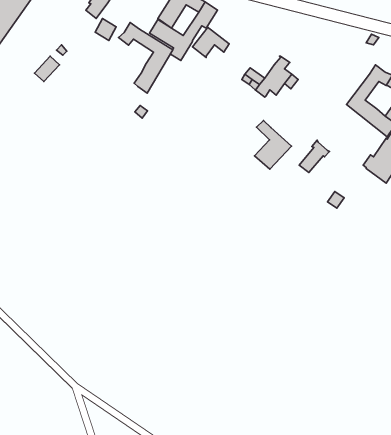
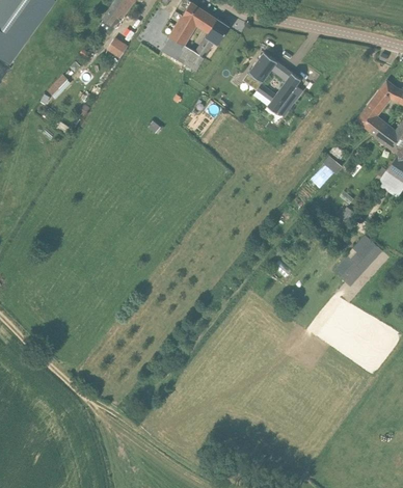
building: [119,22,173,93] -> none
building: [192,27,229,57] -> [249,52,286,82]
building: [254,120,292,169] -> none
building: none -> [333,235,382,287]

